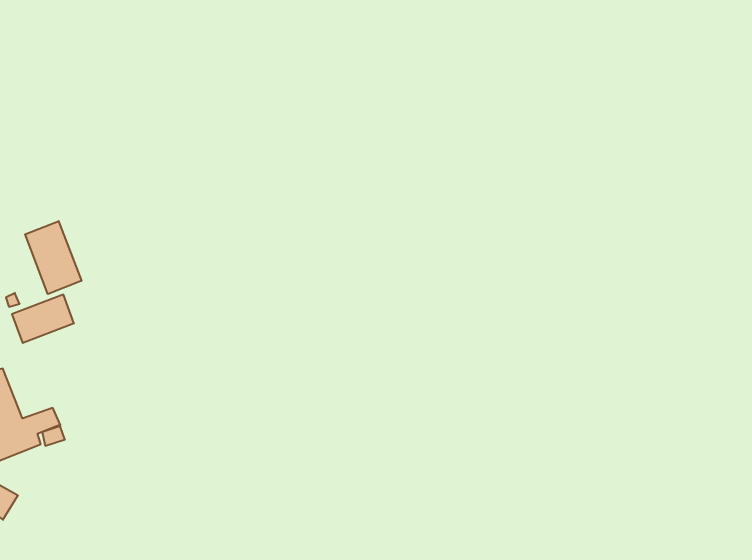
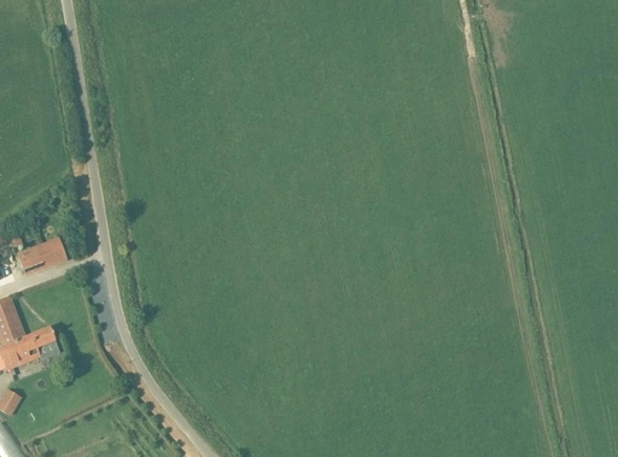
building: [25,221,81,294] -> none

